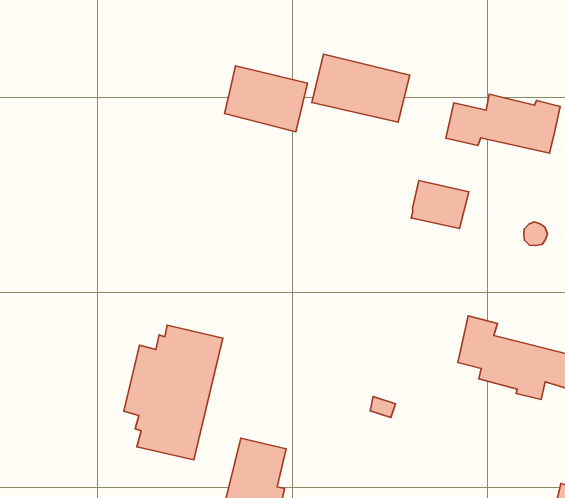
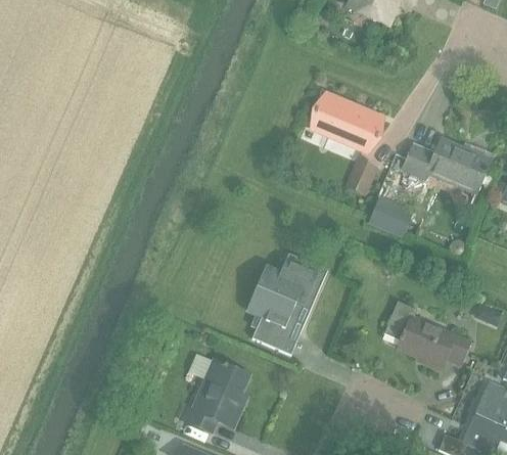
building: [224,66,308,132] -> none
building: none -> [345,156,378,194]
building: [124,325,223,460] -> [246,253,327,354]

